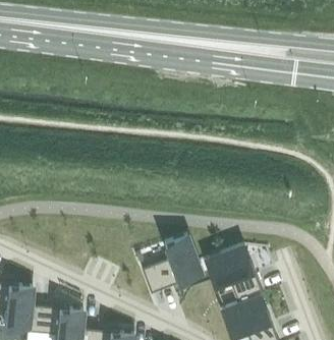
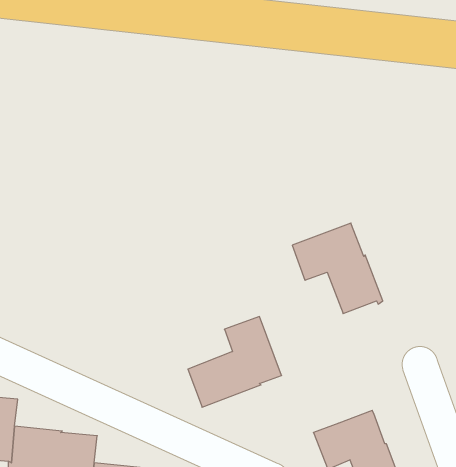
building: [206,246,264,304] -> [292,223,383,314]

